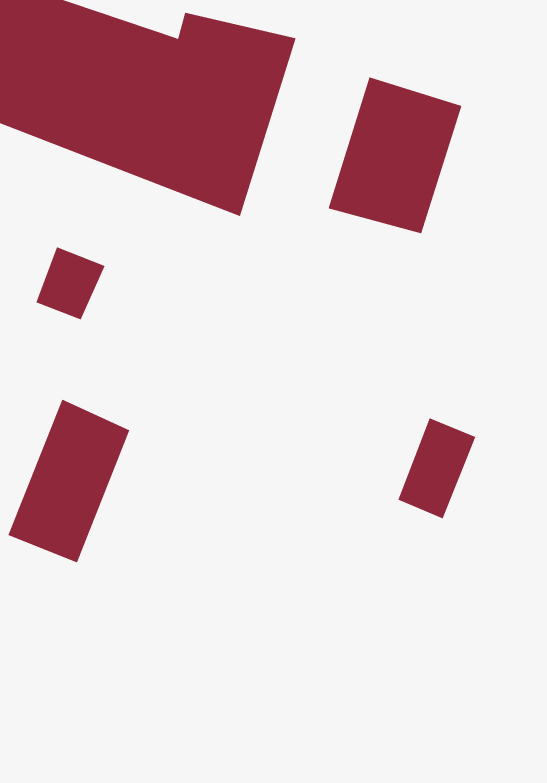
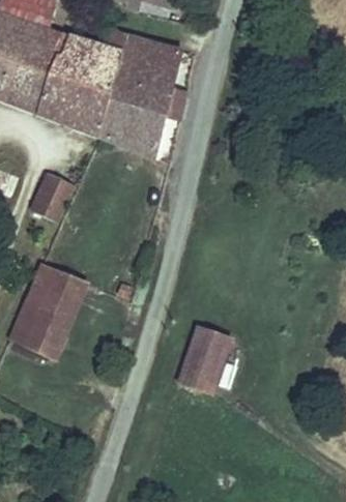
building: [328,76,462,234] -> none
building: [397,418,476,519] -> [184,329,231,389]

